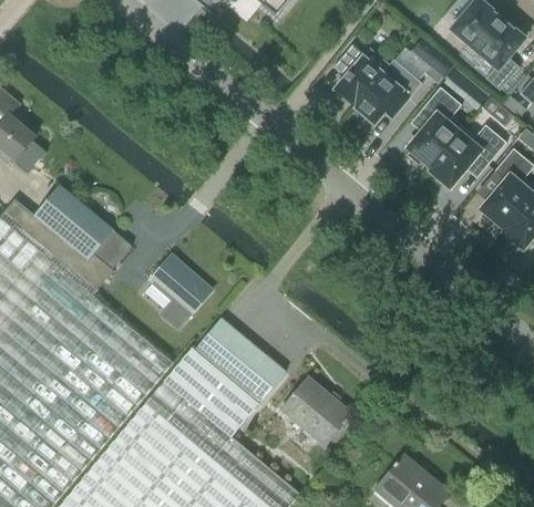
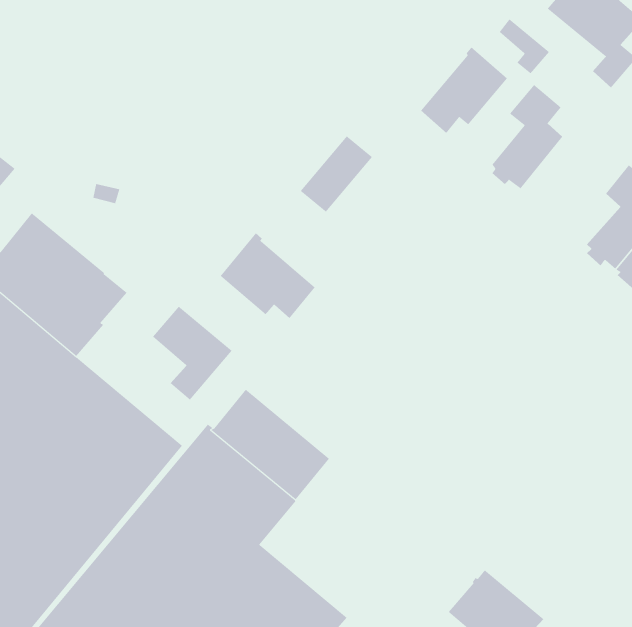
building: [333,49,389,107] -> [300,135,373,213]
building: [430,125,505,188] -> none
building: none -> [220,232,315,319]
building: [279,376,351,446] -> none

